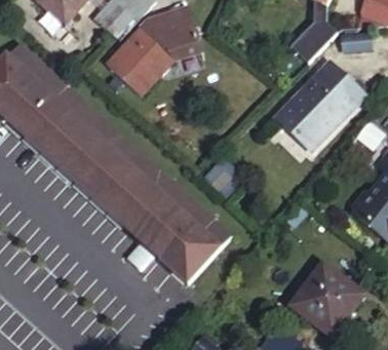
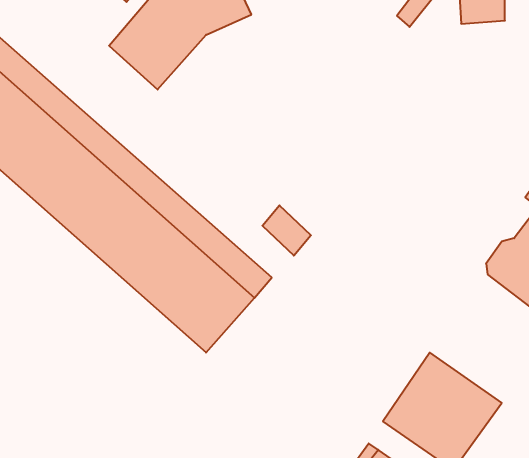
building: [272,61,361,151] -> none
building: [171,218,231,281] -> none

